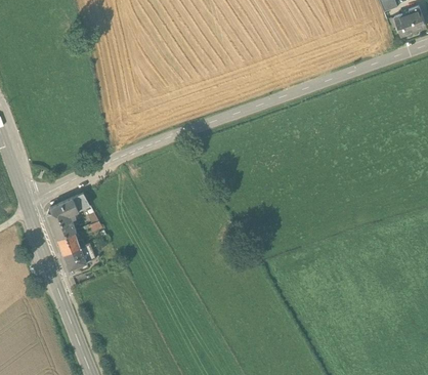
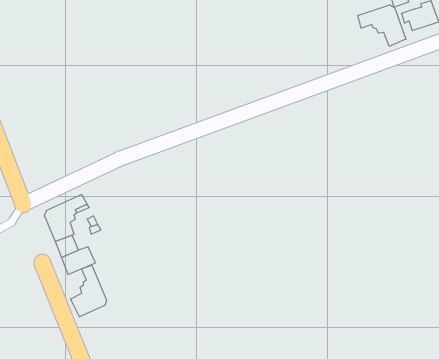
building: none -> [358,5,406,46]
building: none -> [71,265,107,317]

